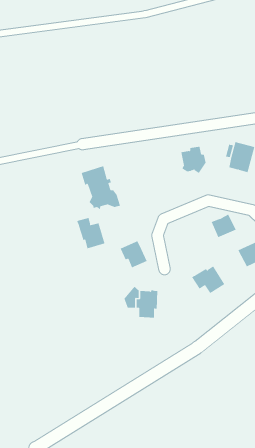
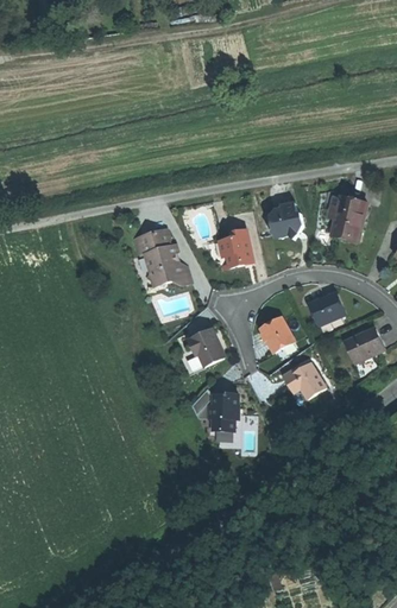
building: none -> [216,228,251,265]
building: [76,217,105,249] -> none
building: none -> [260,317,292,350]

